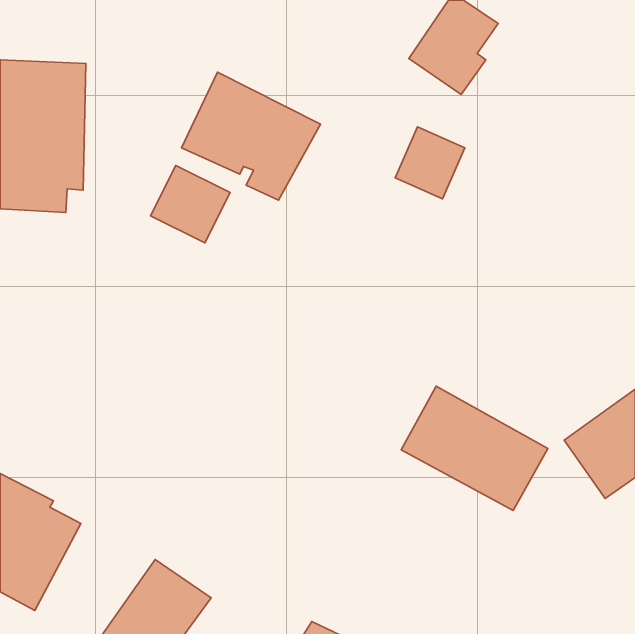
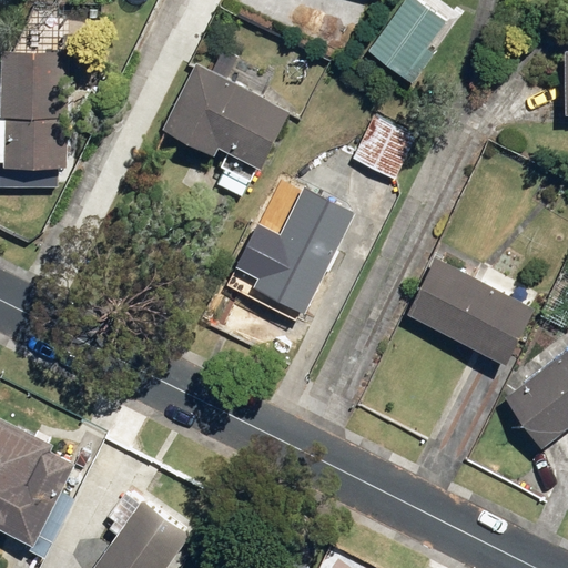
building: [151,165,230,243] -> none
building: none -> [254,191,353,313]
building: [401,386,548,511] -> [400,255,531,366]

